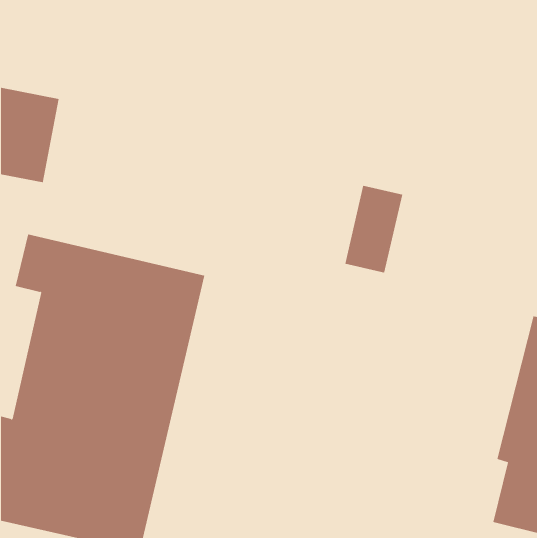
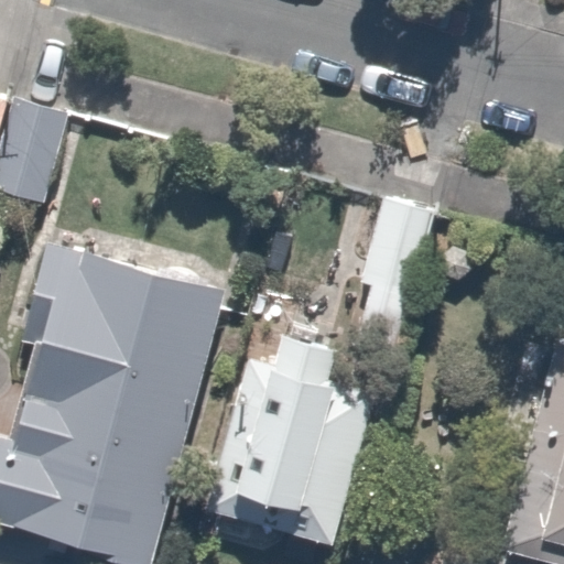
building: none -> [220,335,369,543]

